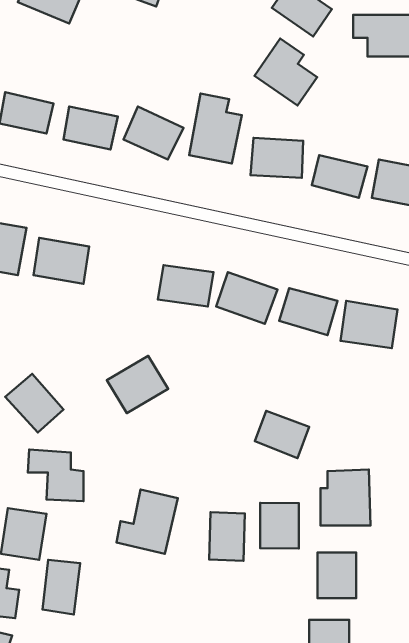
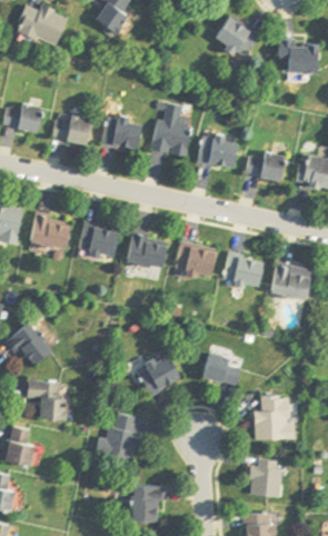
building: [255,38,317,106] -> none
building: none -> [76,221,122,260]
building: [107,356,168,413] -> [135,350,182,395]
building: [260,503,299,549] -> none
building: [209,512,245,561] -> [135,483,162,520]
building: [42,560,80,614] -> none

